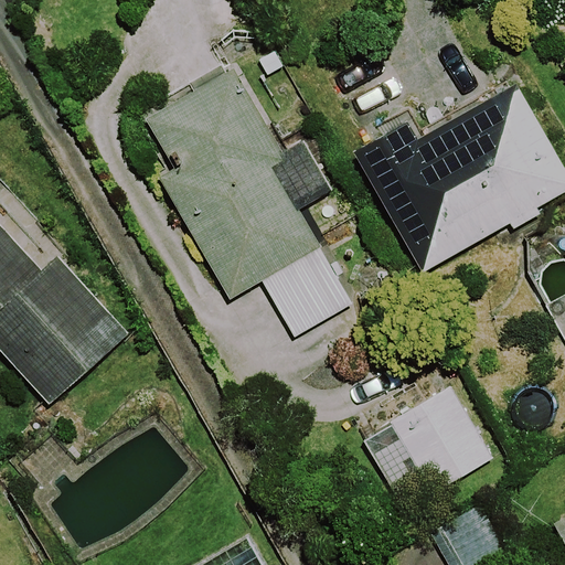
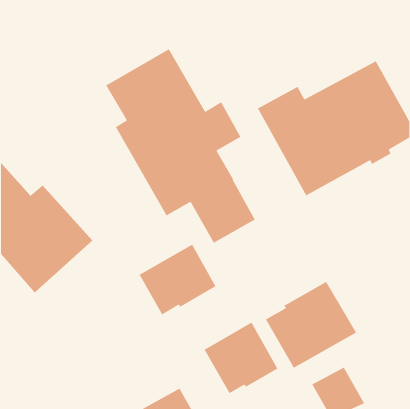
building: none -> [139,243,217,315]
building: none -> [204,322,278,394]

